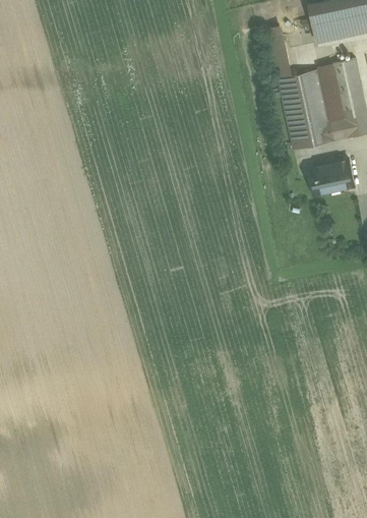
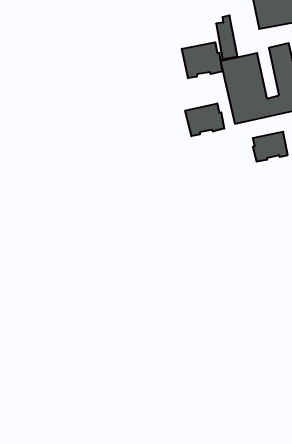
building: none -> [182,42,222,78]
building: none -> [185,103,224,136]

